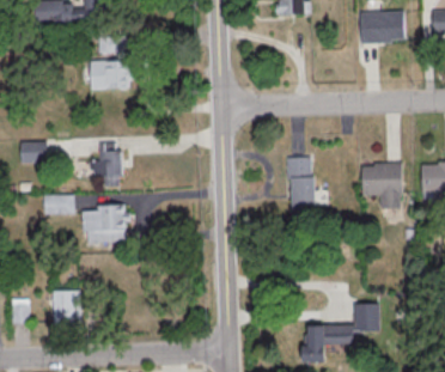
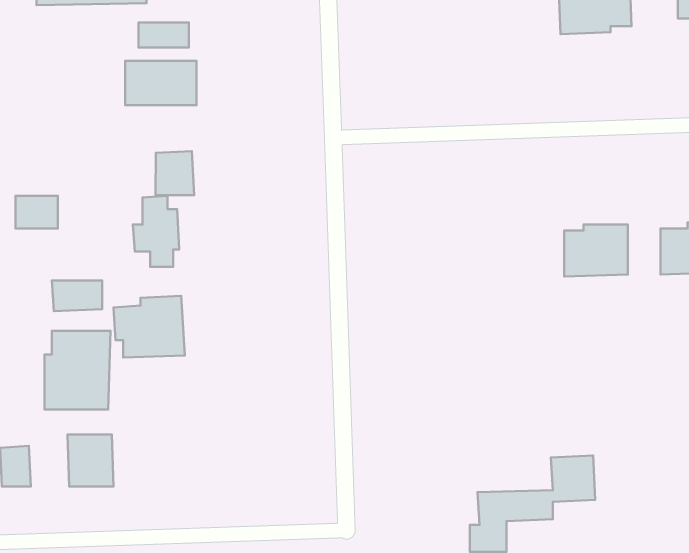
building: none -> [156,151,194,195]
building: [287,159,315,215] -> none
building: none -> [44,331,111,409]

